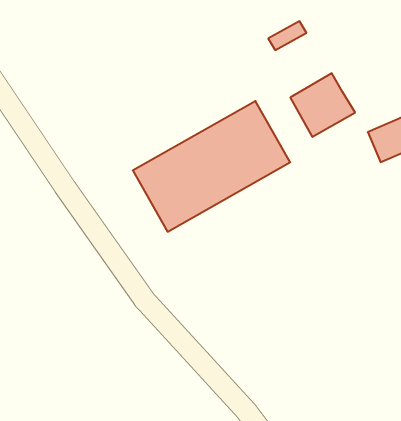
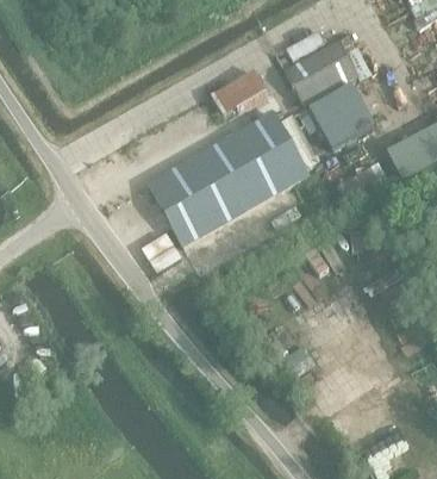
building: none -> [286,39,357,102]
building: none -> [212,69,266,114]

